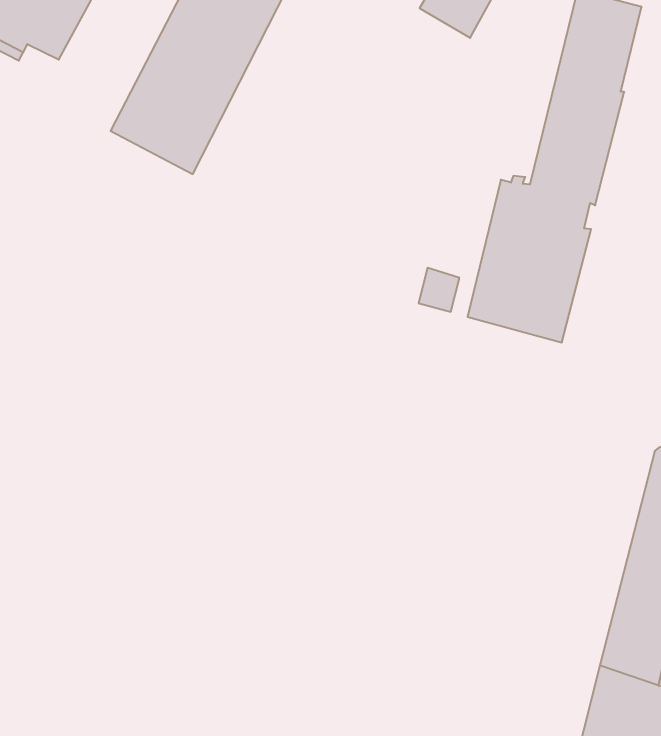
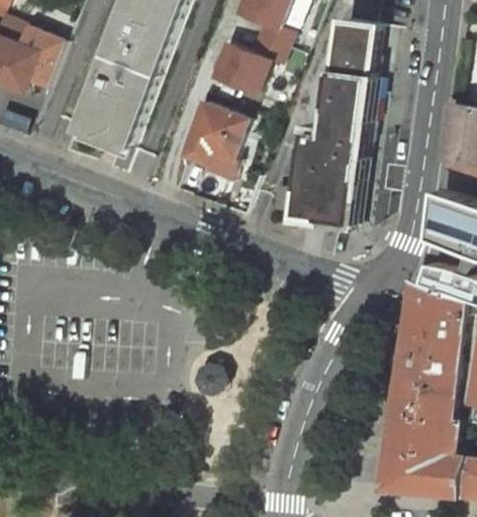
building: none -> [209,42,270,95]
building: none -> [178,105,242,170]

